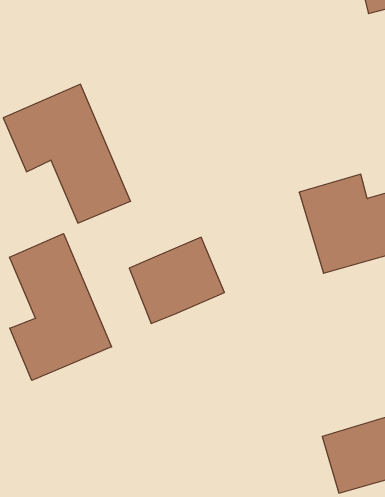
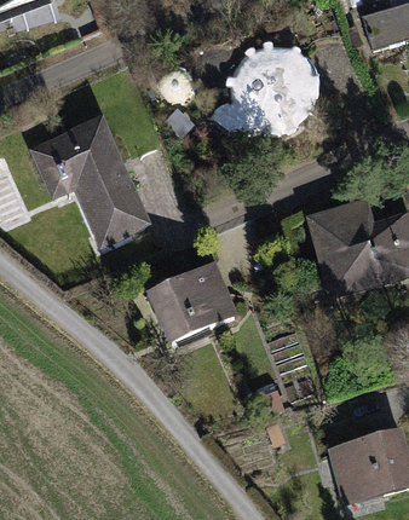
building: none -> [212,45,318,137]
building: [10,234,112,380] -> none

